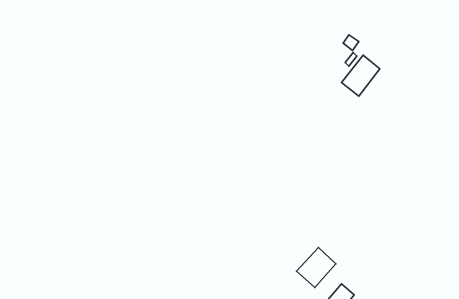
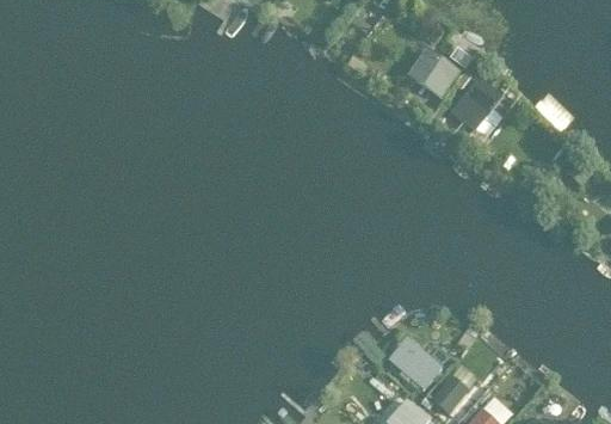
building: none -> [408,48,456,94]

